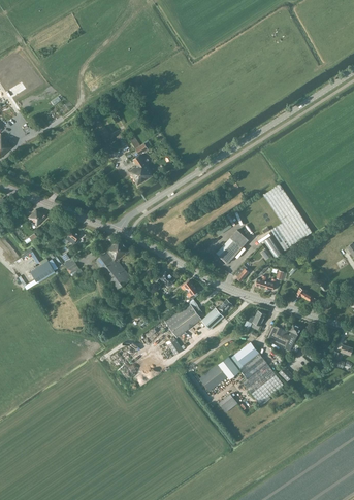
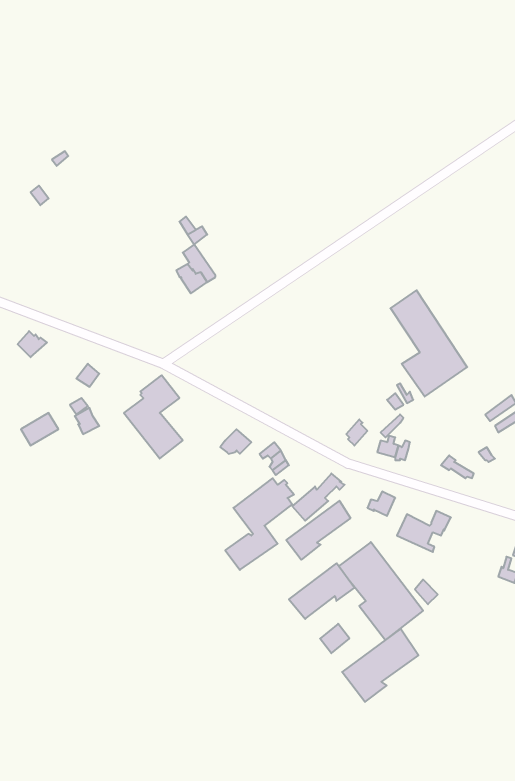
building: [220,230,249,263] -> none
building: none -> [286,501,350,560]
building: none -> [342,629,418,702]

